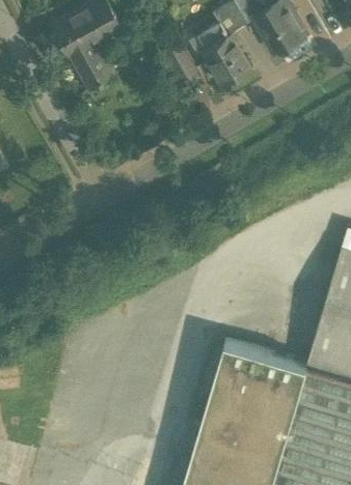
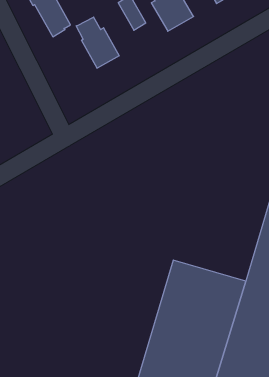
building: none -> [76,17,119,68]

